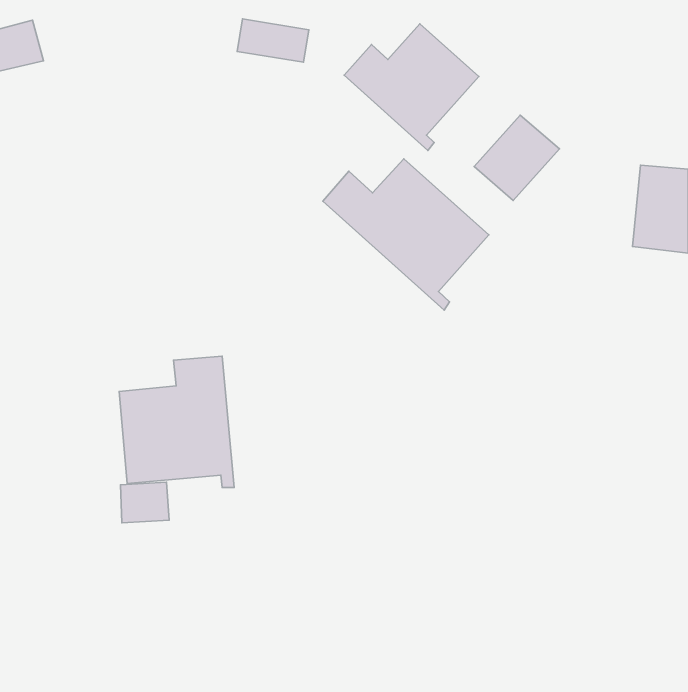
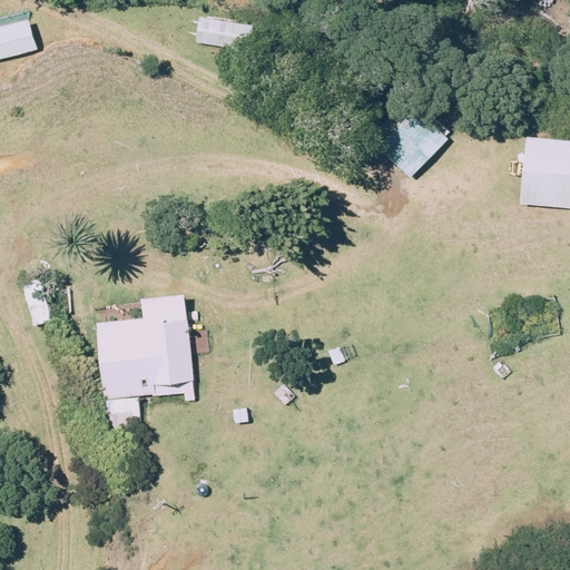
building: [344,24,479,151] -> none
building: [323,159,489,310] -> none

